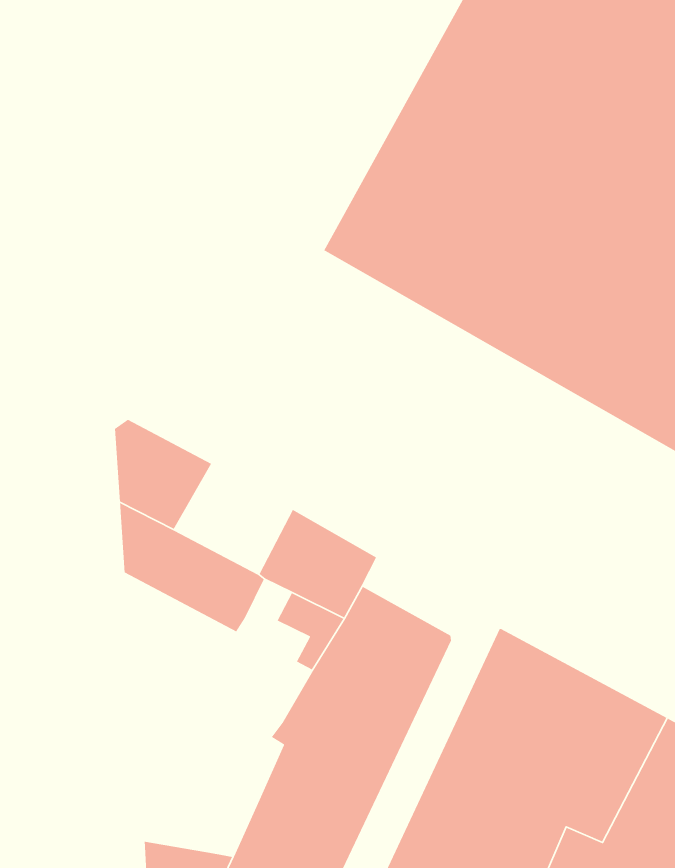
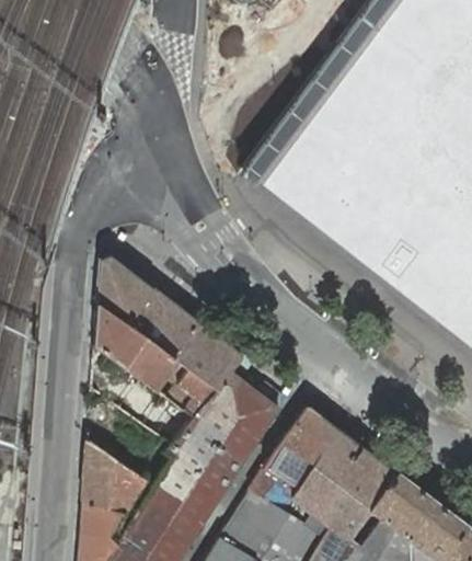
building: none -> [130,287,200,355]
building: none -> [87,439,149,513]

